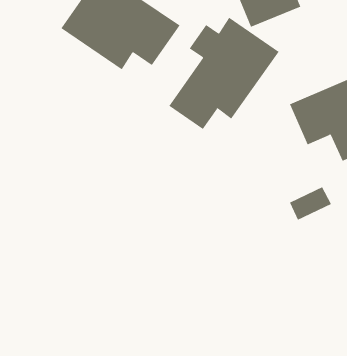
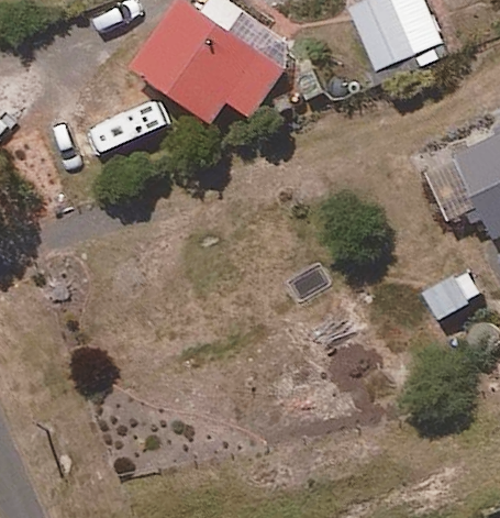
building: [168,17,279,130] -> none

